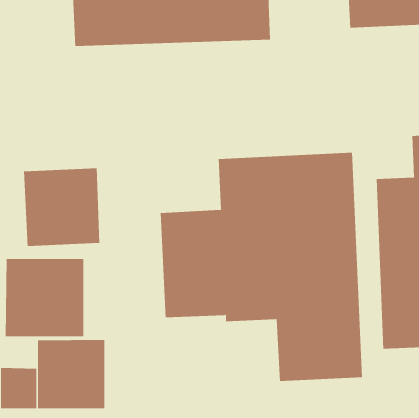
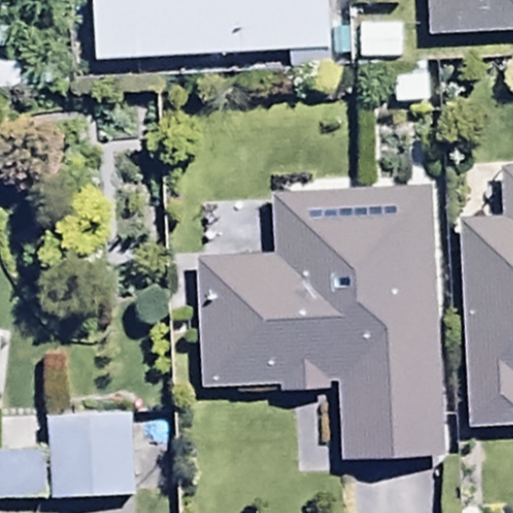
building: [24,167,100,247] -> none
building: [5,258,84,337] -> none

